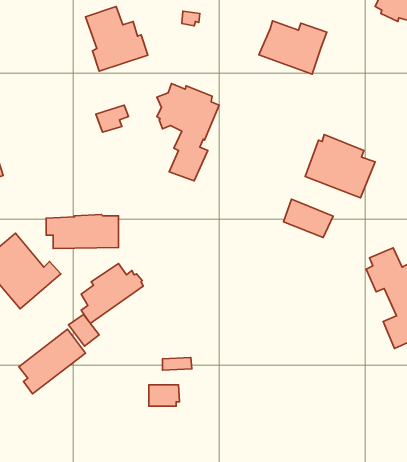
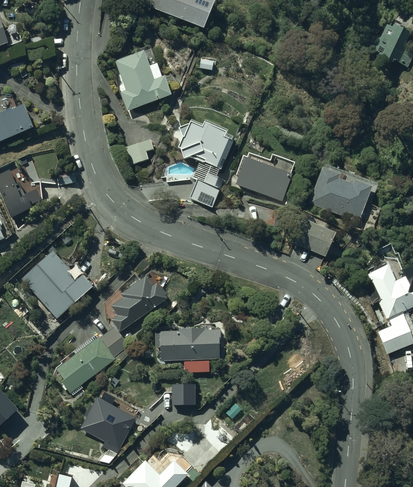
building: [259,21,327,74] -> [235,152,295,199]
building: [46,215,119,249] -> [154,328,218,358]
building: none -> [80,390,134,449]

